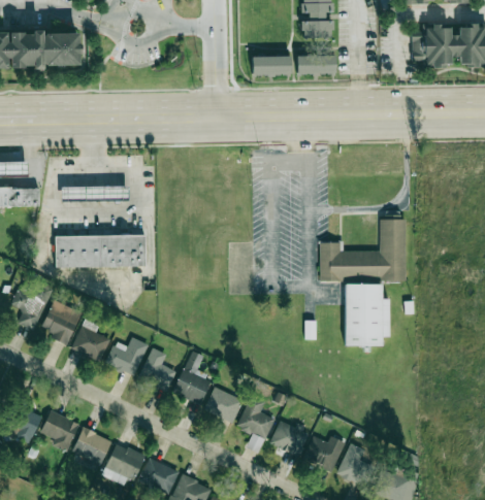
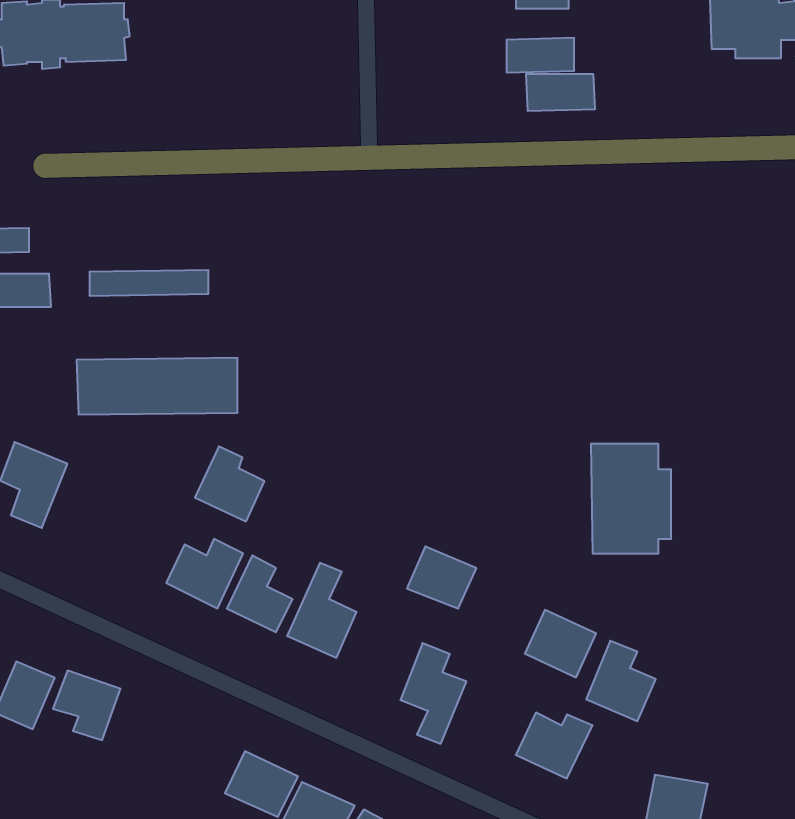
building: [252,56,291,76] -> [526,74,595,111]
building: [320,216,408,280] -> none
building: [40,300,82,342] -> none
building: [71,320,110,362] -> [195,446,264,521]
building: [204,387,244,422] -> [407,546,476,609]
building: [269,419,310,457] -> [525,610,596,677]
building: [72,428,112,464] -> none
building: [102,442,146,485] -> none
building: [336,442,376,488] -> [586,641,656,721]

